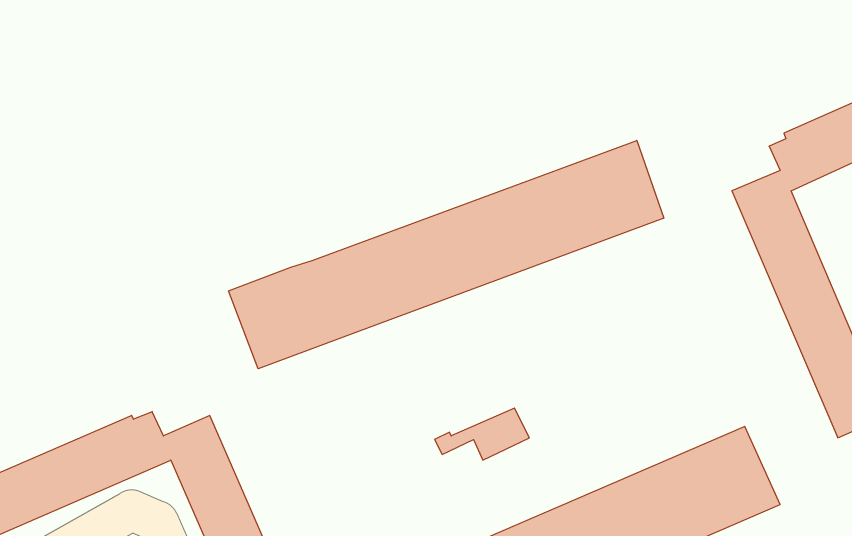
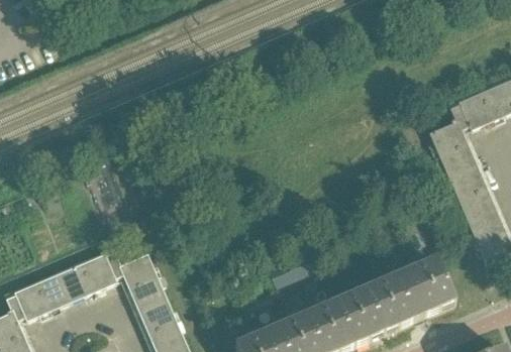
building: [228,140,664,369] -> none

